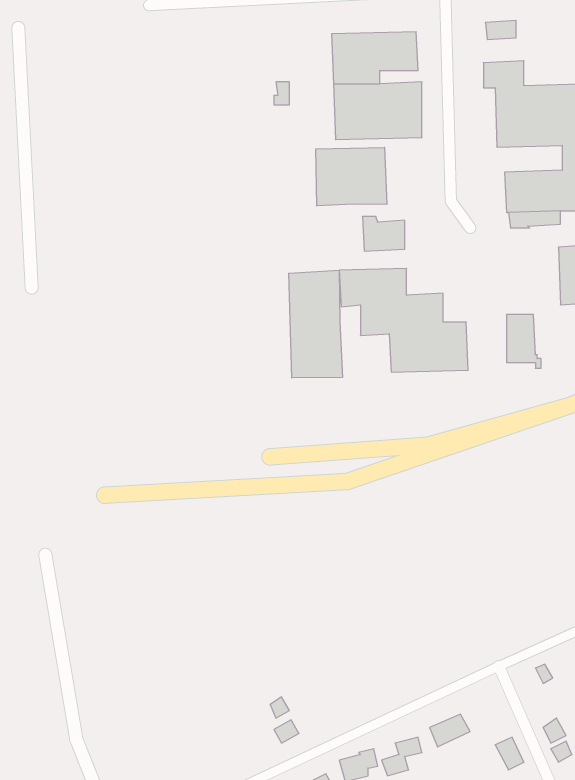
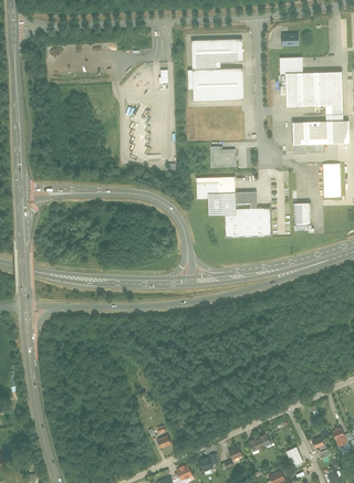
building: [316,147,387,206] -> none
building: [289,270,342,378] -> none

